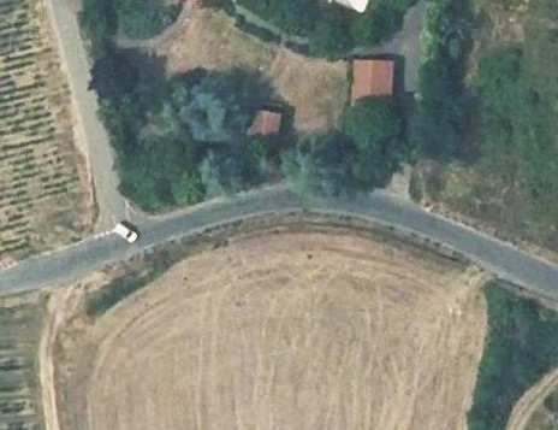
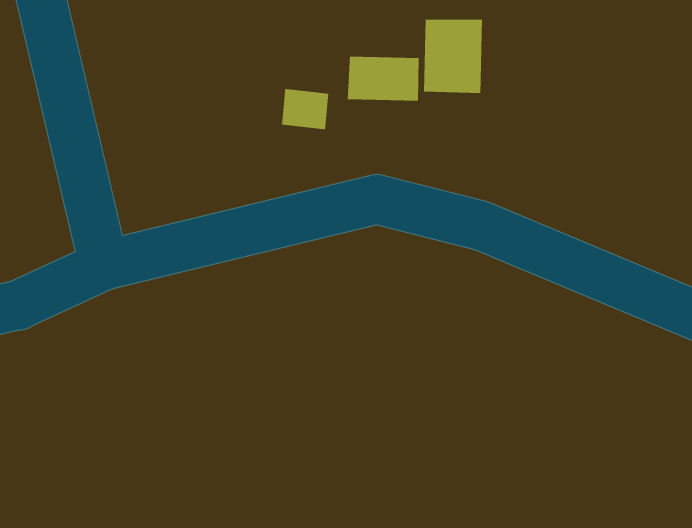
building: none -> [347,56,419,102]

